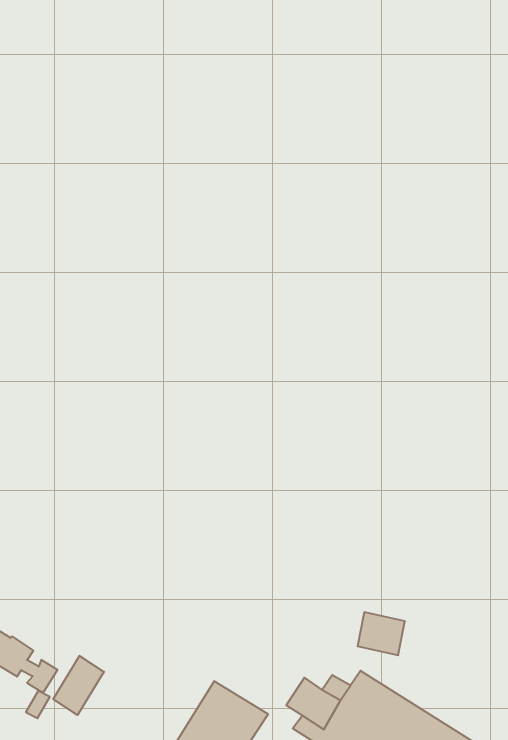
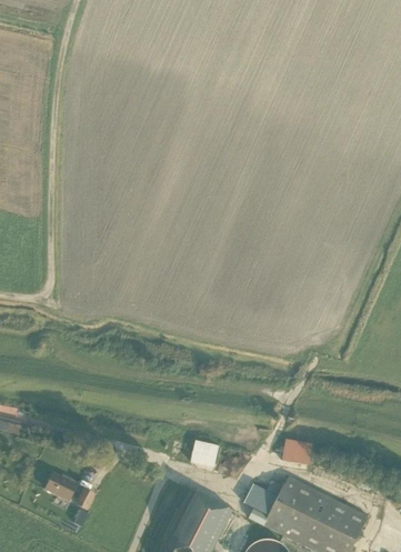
building: none -> [191,441,221,468]
building: [53,656,104,715] -> none

